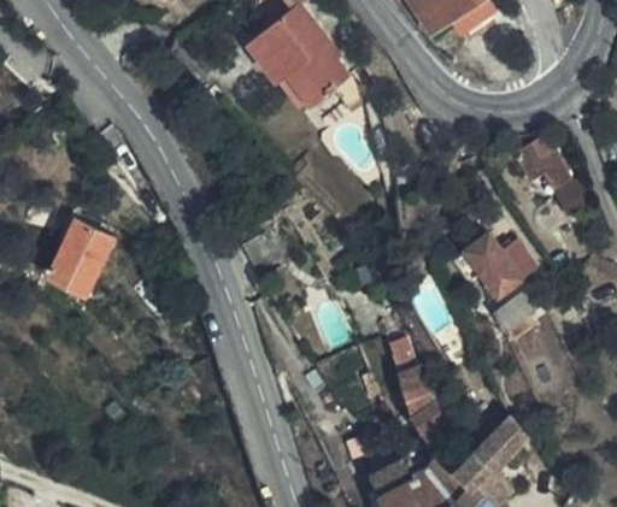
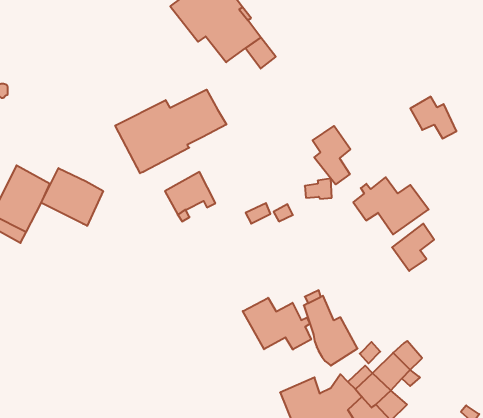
building: none -> [115,90,226,173]
building: none -> [313,126,350,184]
building: none -> [41,168,103,226]
building: none -> [243,298,311,350]

